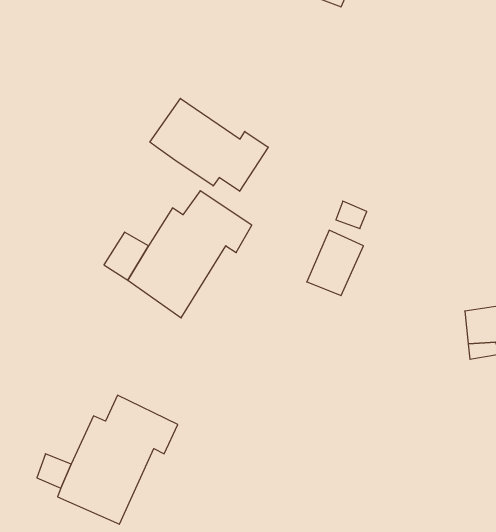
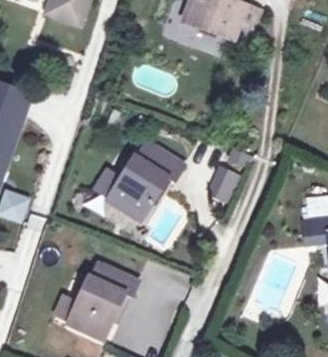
building: [150,98,268,191] -> none

